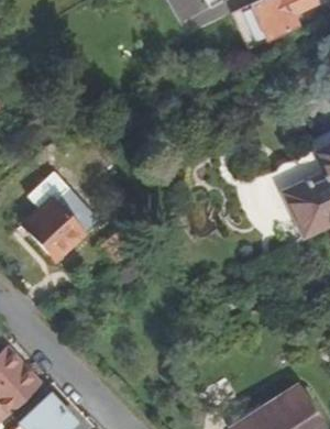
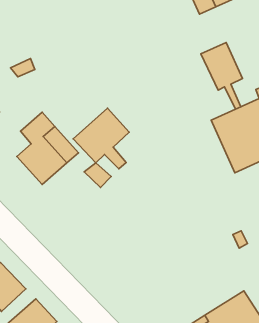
building: none -> [201,42,243,109]
building: none -> [73,108,129,169]

